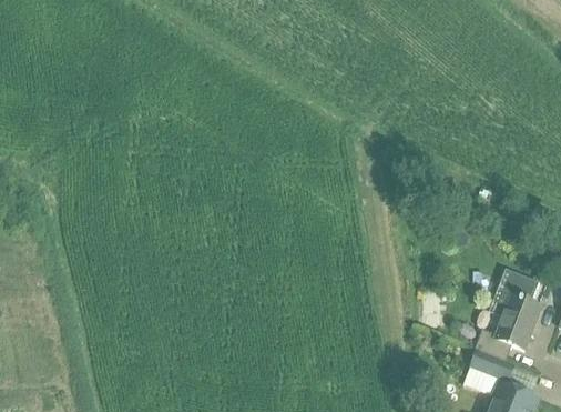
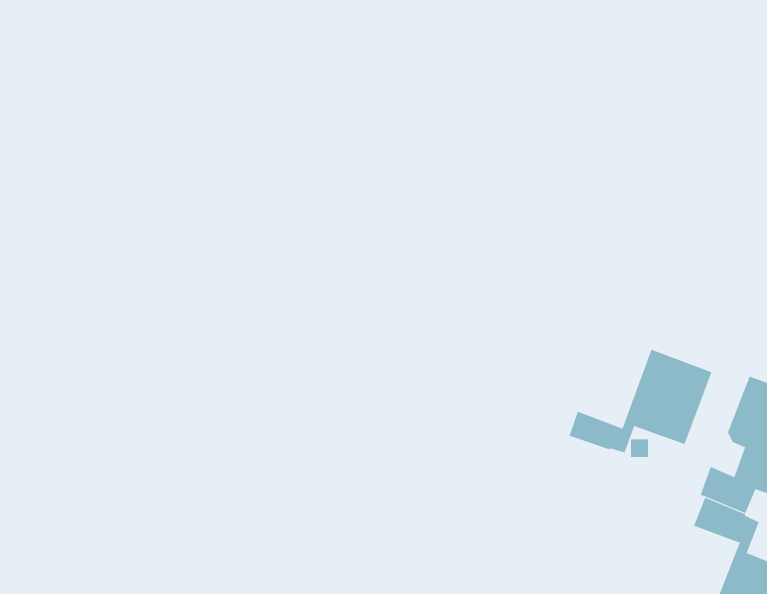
building: none -> [569,349,712,453]

